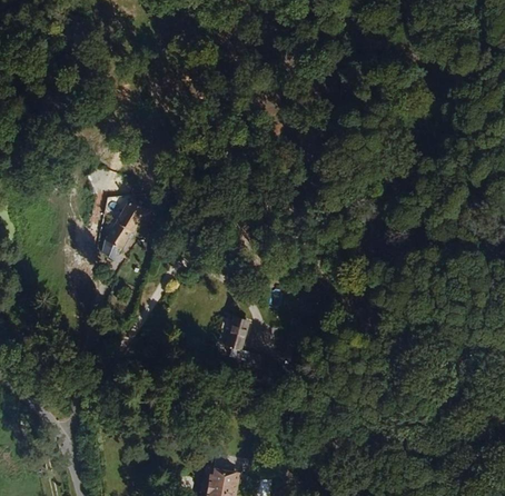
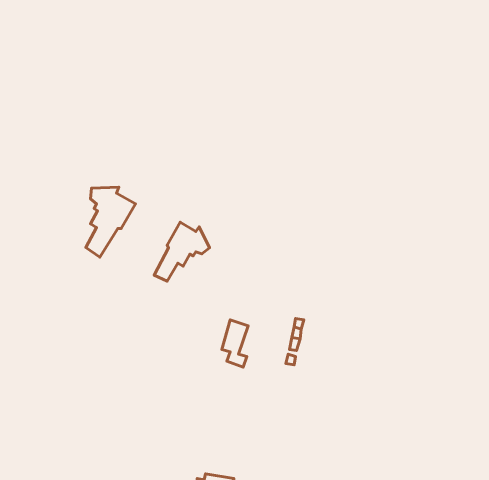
building: none -> [154,222,209,281]

